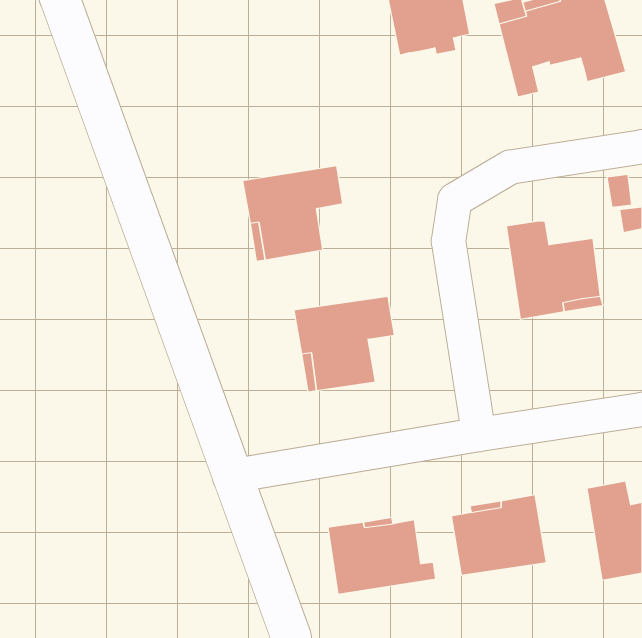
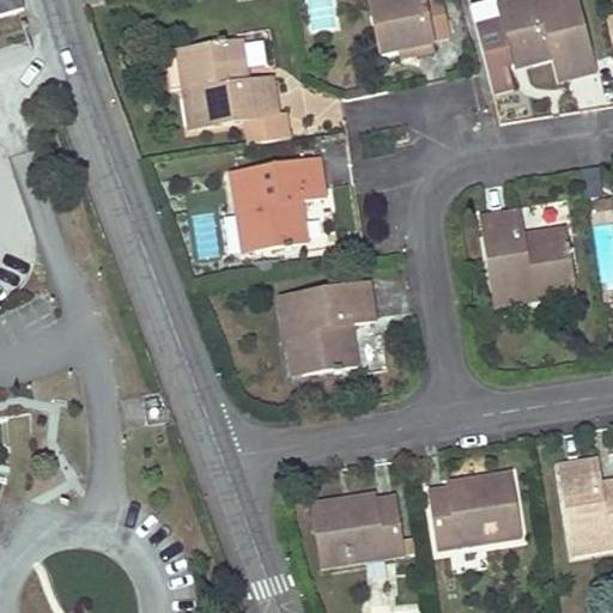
building: none -> [166,40,291,142]

